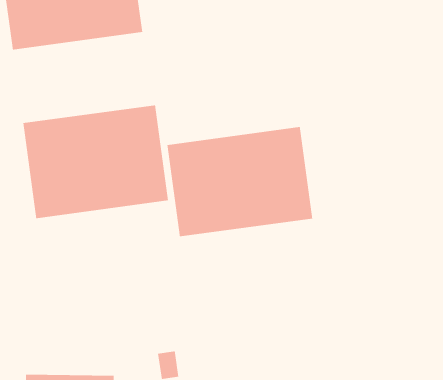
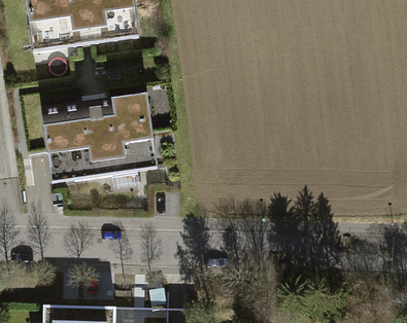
building: [167,126,313,237] -> none

